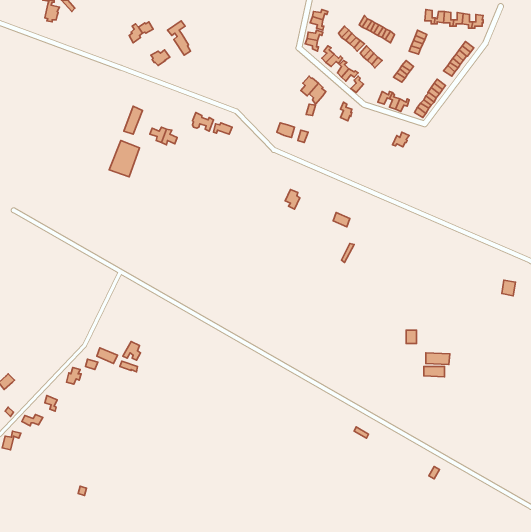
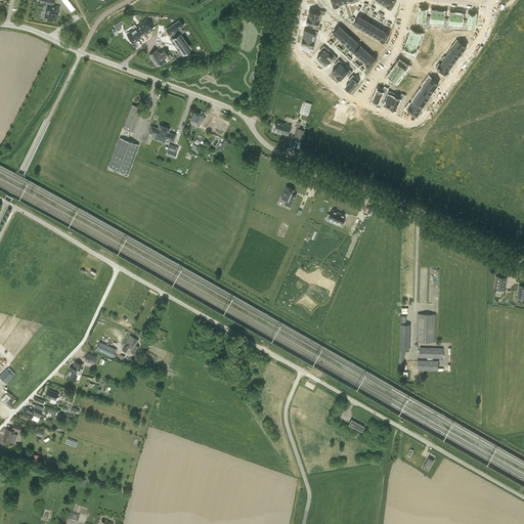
building: none -> [417,313,434,342]

